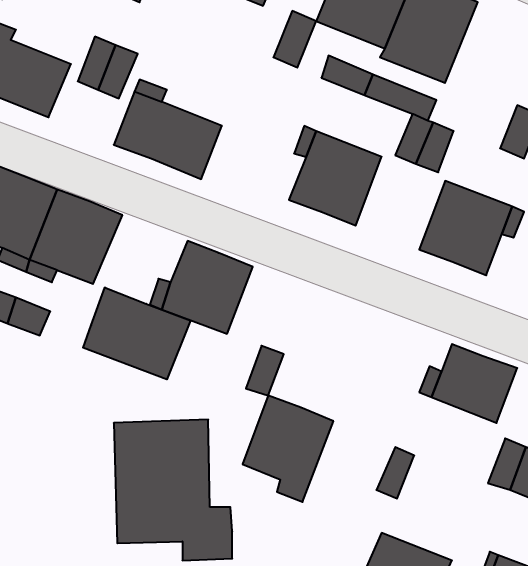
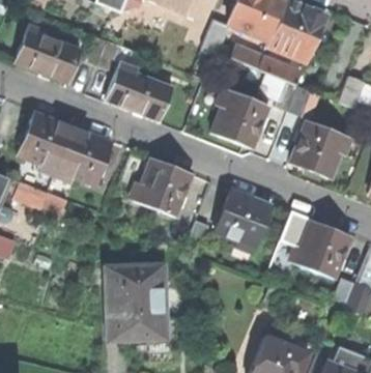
building: [83,287,190,379] -> none
building: [243,396,333,502] -> [213,190,268,254]

